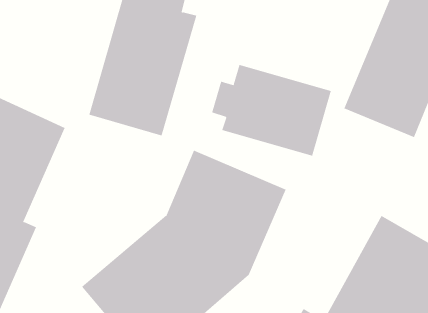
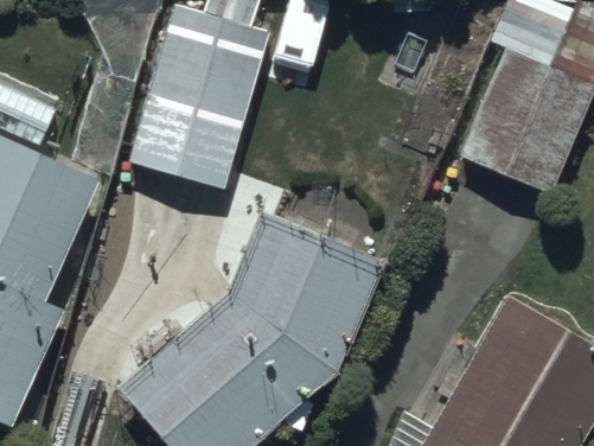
building: [212,64,331,156] -> none

